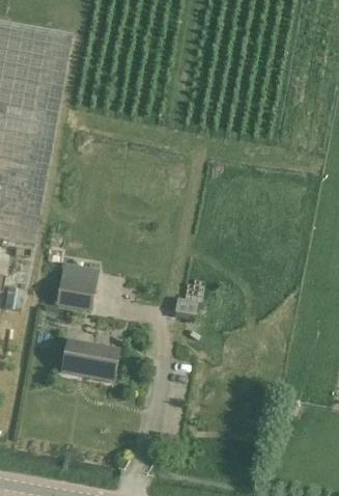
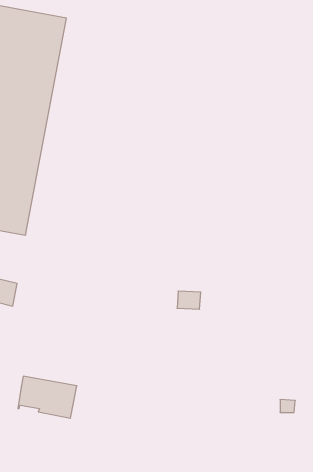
building: [54,265,97,313] -> none
building: [60,340,117,381] -> [18,376,77,418]

